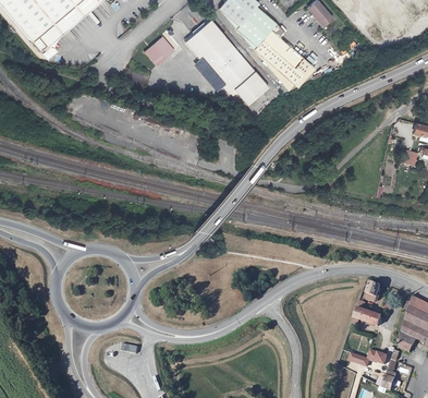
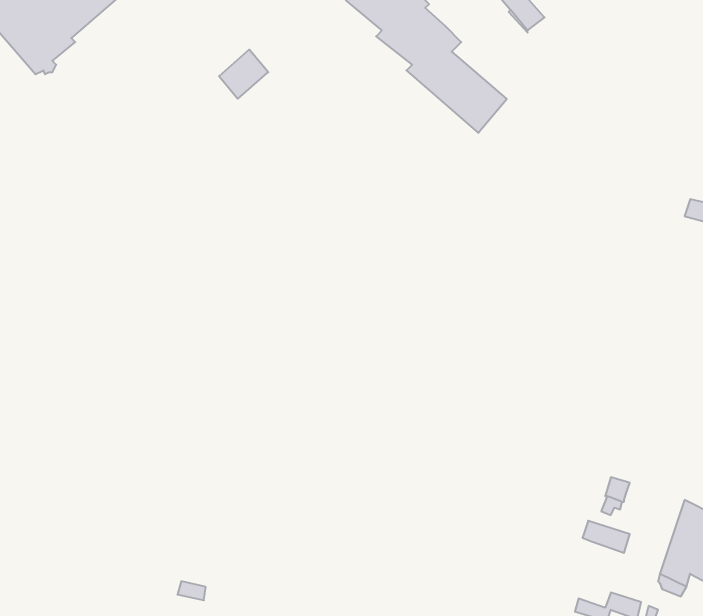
building: [184,19,268,105] -> none

